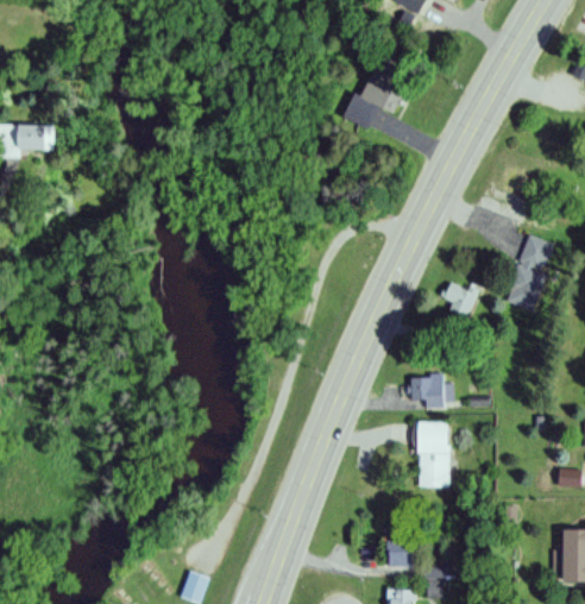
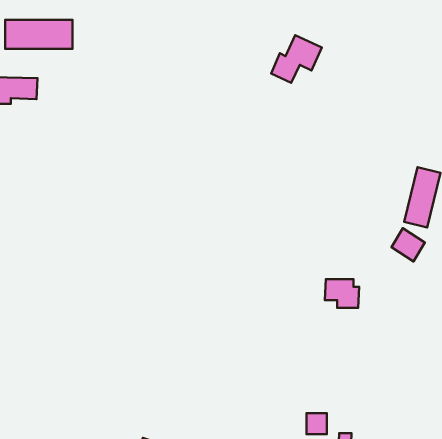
building: none -> [5,20,73,49]
building: [440,278,482,320] -> [391,228,425,262]
building: [417,422,452,487] -> none

